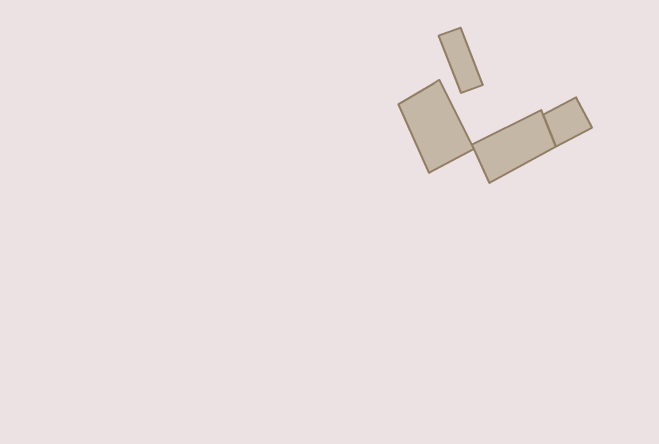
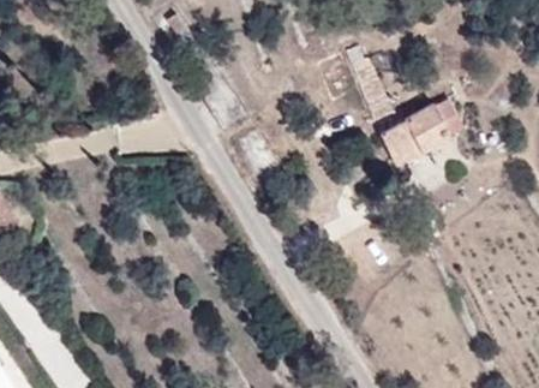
building: [399,80,474,173] -> none

